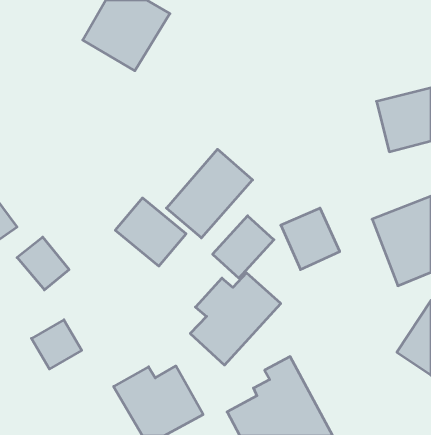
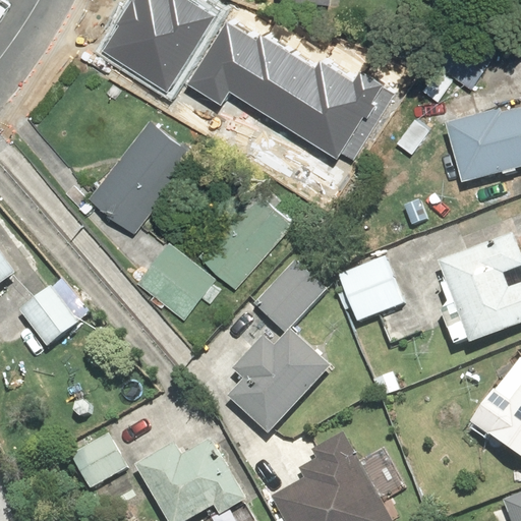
building: none -> [182,21,392,169]
building: none -> [90,112,197,229]
building: [31,320,82,369] -> [70,429,130,488]

